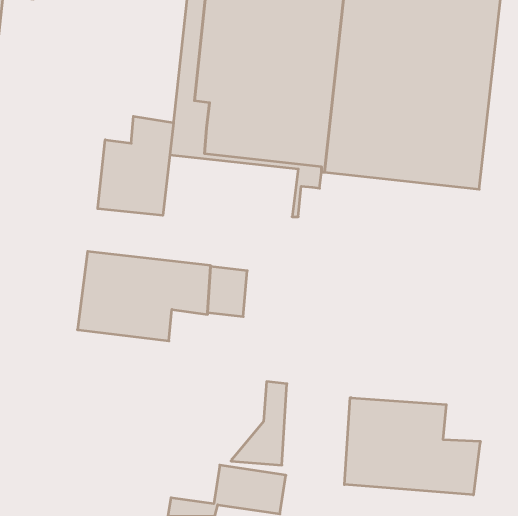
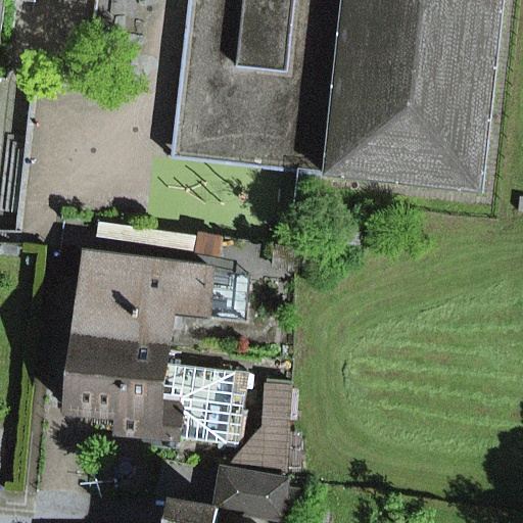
building: [98,116,173,215] -> none
building: none -> [70,331,233,440]
building: [344,398,480,495] -> none

